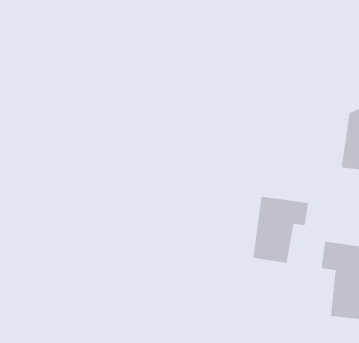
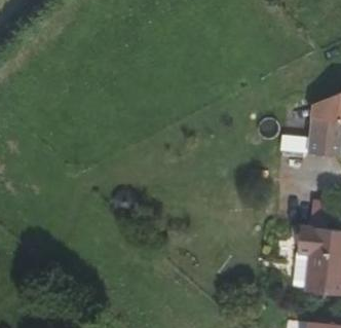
building: [253,196,309,264] -> none

